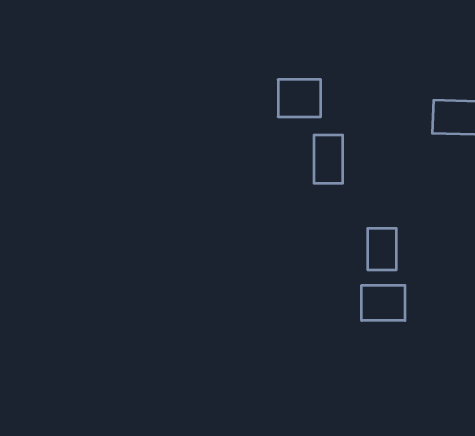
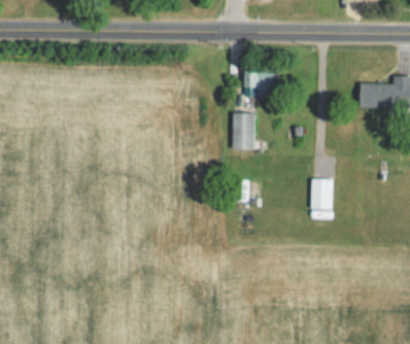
building: [314,135,343,183] -> [233,114,254,150]
building: [362,285,405,321] -> none

